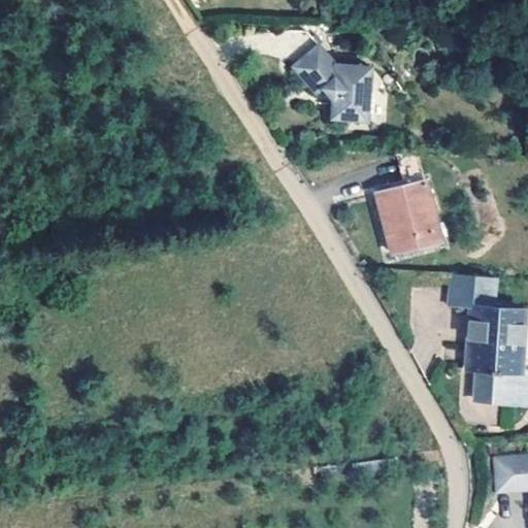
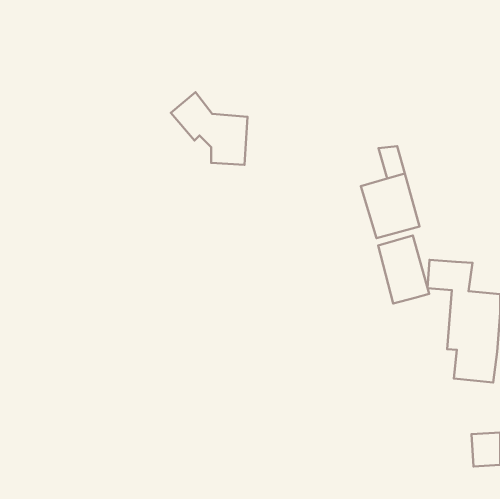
building: [290,44,370,121] -> [171,92,247,165]
building: none -> [378,236,429,303]

